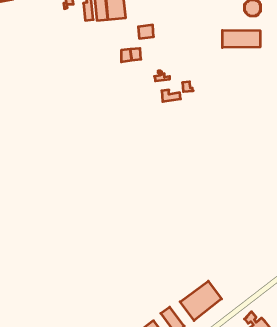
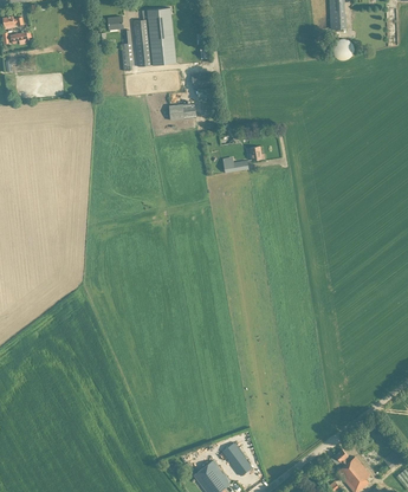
building: [222,30,260,48] -> none
building: [180,281,222,321] -> none

